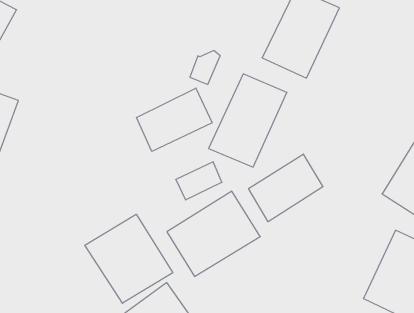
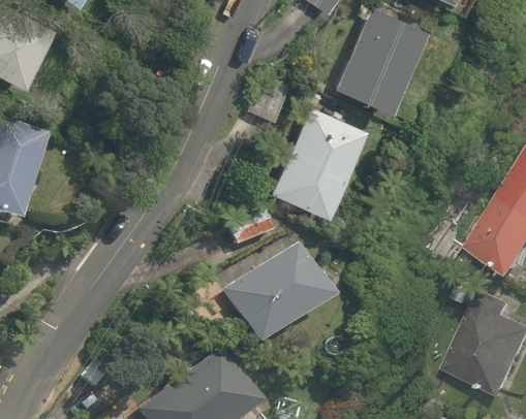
building: [137,88,212,151] -> none
building: [249,154,323,222] -> none
building: [85,214,173,303] -> none

